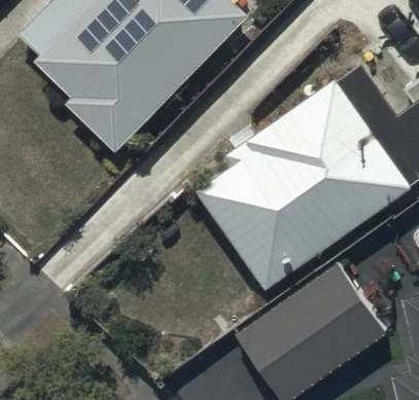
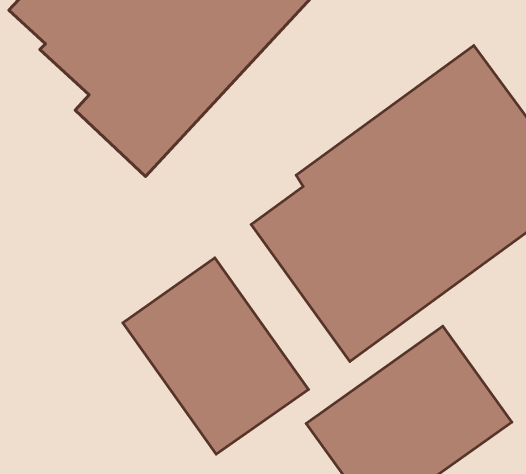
building: none -> [123,258,308,454]

